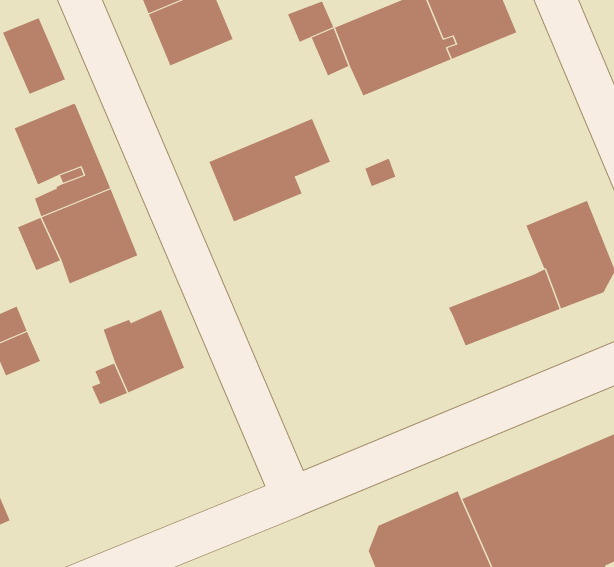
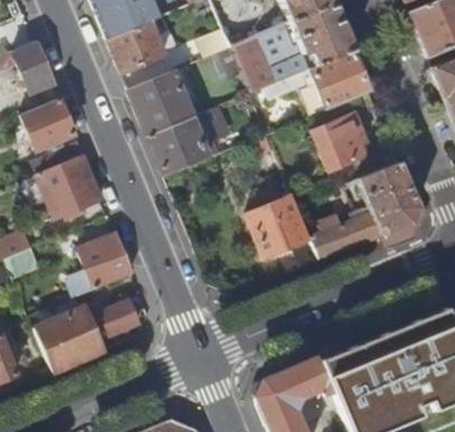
building: none -> [310,51,370,110]
building: none -> [130,71,195,137]
building: none -> [313,113,364,171]
building: none -> [247,194,310,255]
building: none -> [36,301,139,372]

